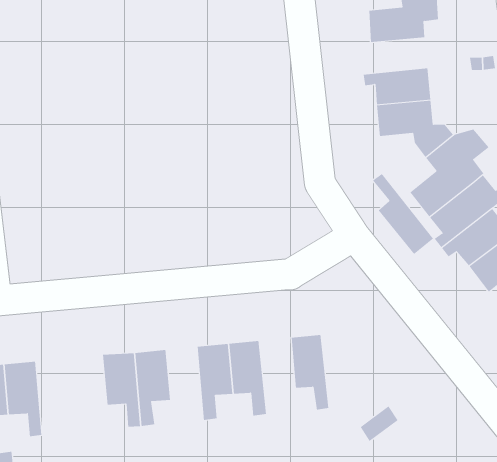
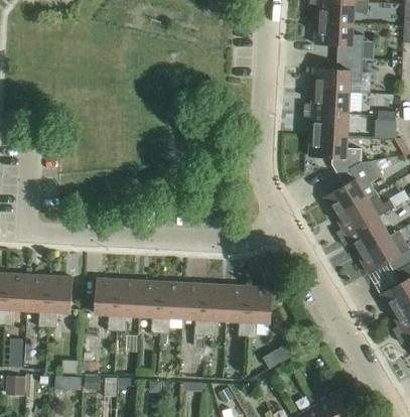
building: none -> [303,90,350,113]
building: [372,173,434,255] -> none
building: none -> [247,285,272,337]
building: none -> [203,283,228,335]
building: none -> [139,280,162,332]
building: none -> [47,275,73,327]

